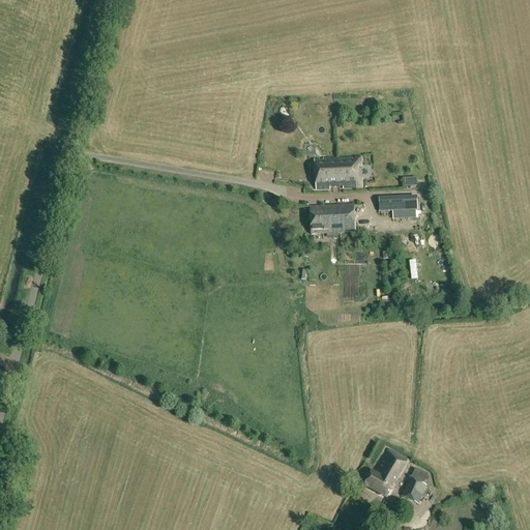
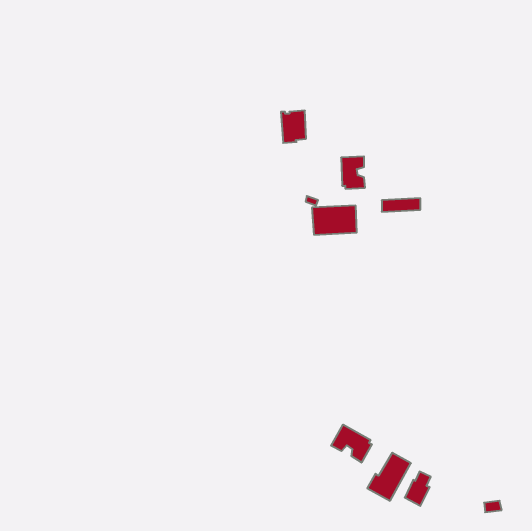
building: [316,156,341,188] -> [281,111,306,143]
building: none -> [331,425,372,463]

